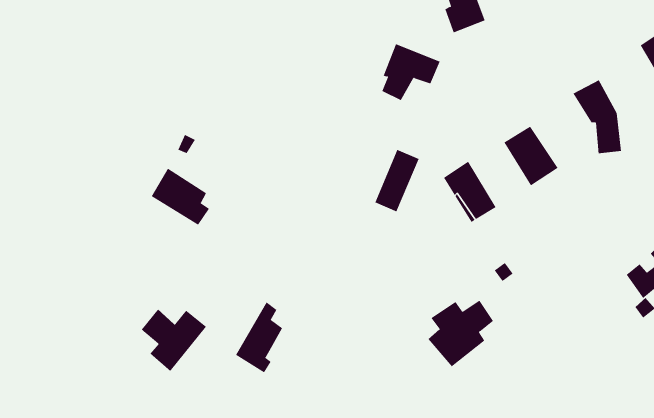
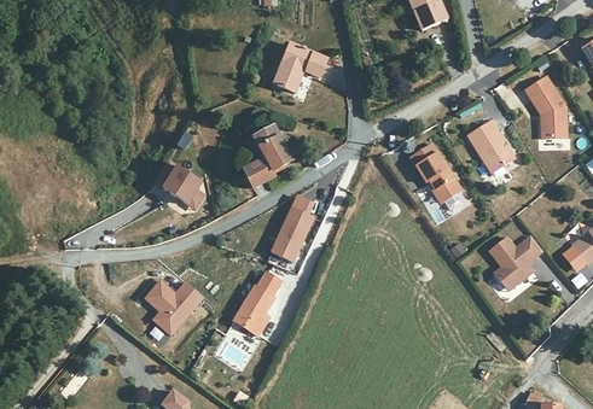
building: [382,43,441,101] -> [275,51,326,100]
building: none -> [238,134,286,194]
building: [374,149,419,212] -> [275,205,314,259]
building: [428,300,494,367] -> [481,233,537,291]

